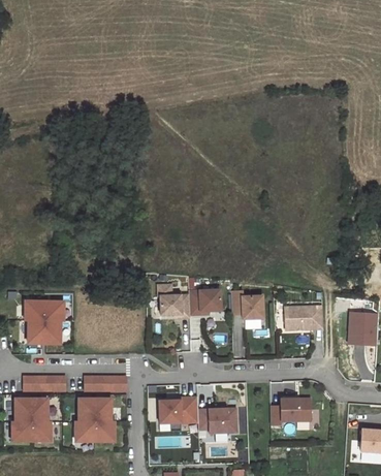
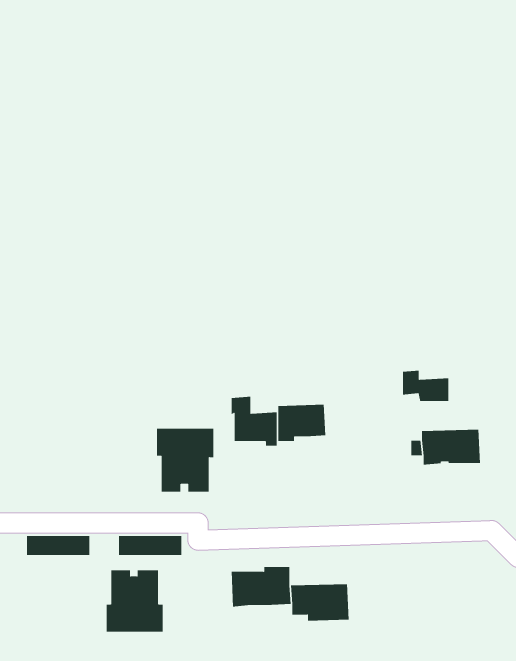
building: [231,297,262,318] -> [402,370,449,401]
building: [25,300,63,343] -> [156,428,214,492]
building: [271,398,310,423] -> none
building: [11,399,51,441] -> none

